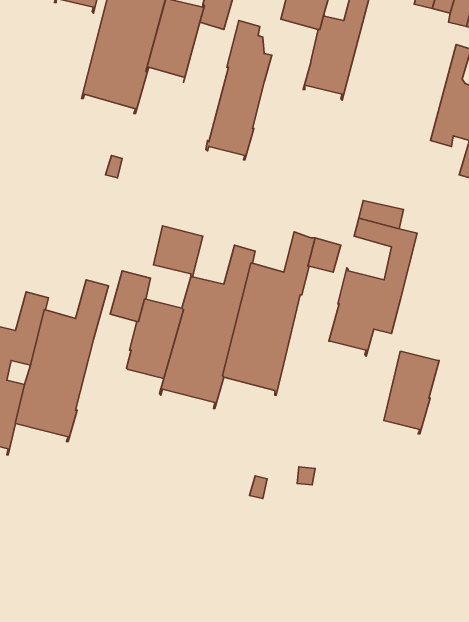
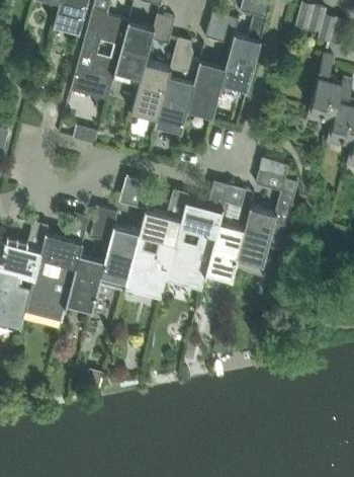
building: none -> [186,60,226,118]
building: none -> [130,62,170,121]
building: none -> [67,254,104,312]
building: [384,352,439,434] -> [207,224,245,280]

